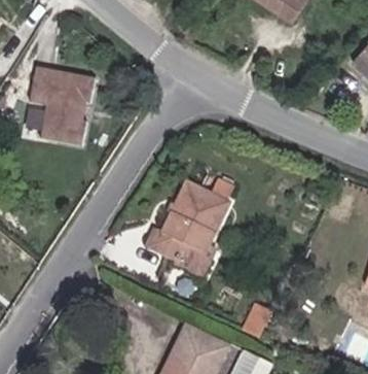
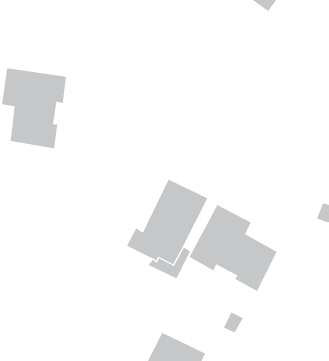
building: none -> [189,204,277,292]

